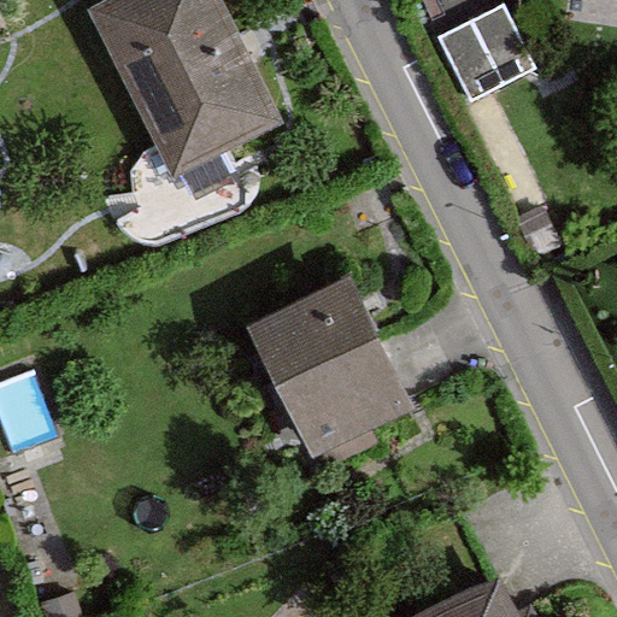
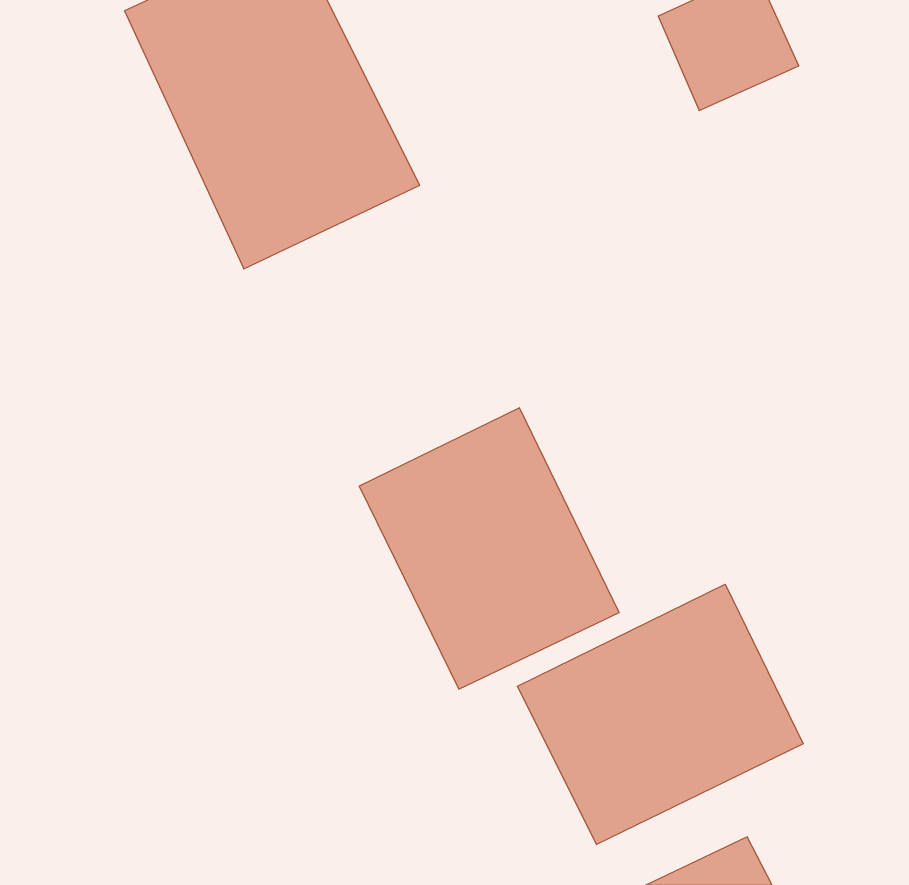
building: none -> [517,584,803,845]

